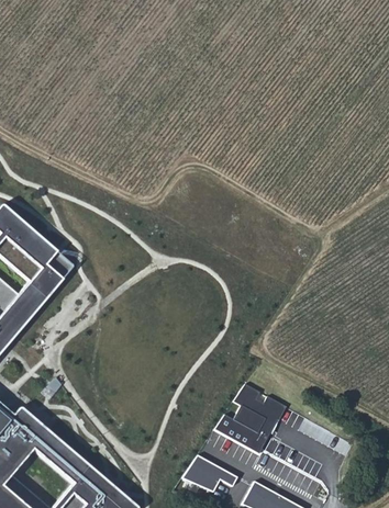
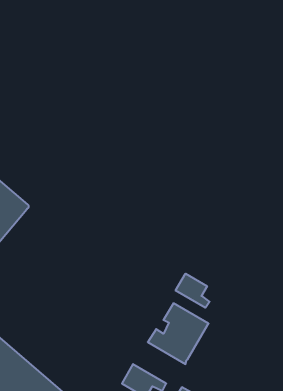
building: none -> [176,274,210,308]

